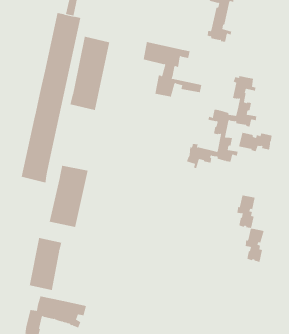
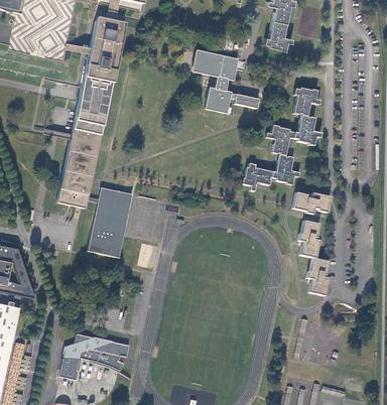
building: [70,36,110,111] -> none
building: [238,132,273,152] -> [291,192,330,215]
building: [29,237,62,291] -> none

